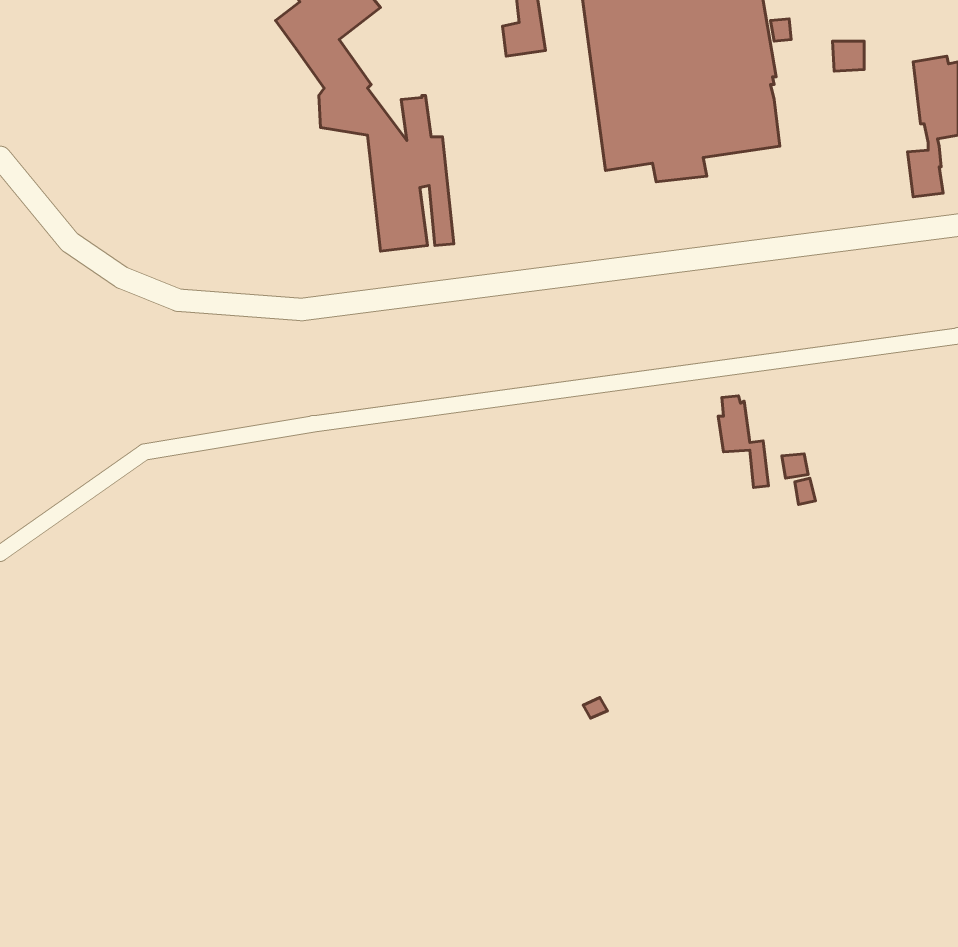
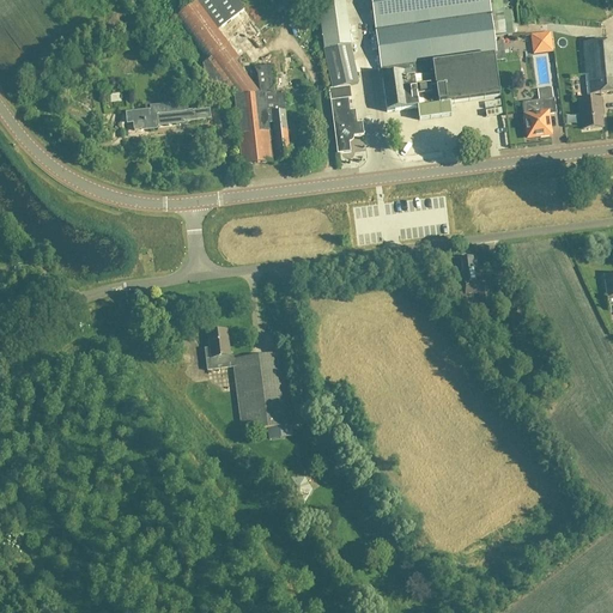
building: none -> [323,41,363,148]
building: none -> [522,85,554,135]
building: none -> [127,99,211,127]
building: none -> [204,326,292,427]

